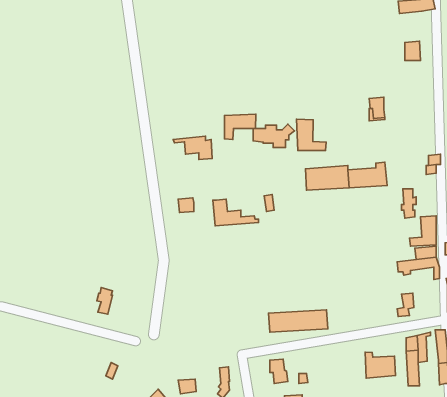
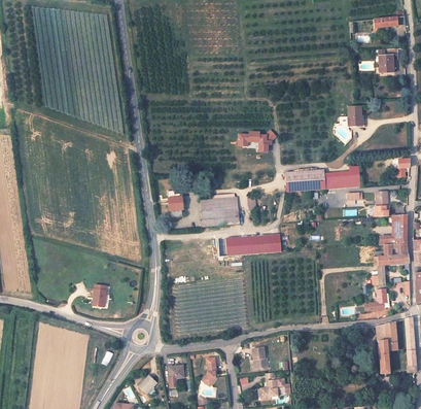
building: [224,114,256,140] -> none
building: [296,119,326,151] -> none
building: [173,136,212,160] -> [202,194,238,215]
building: [269,310,328,332] -> [226,234,281,254]
building: [365,352,396,378] -> none

